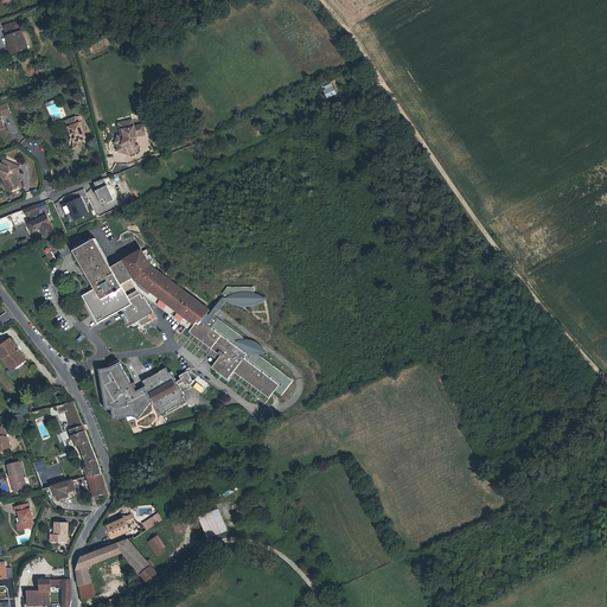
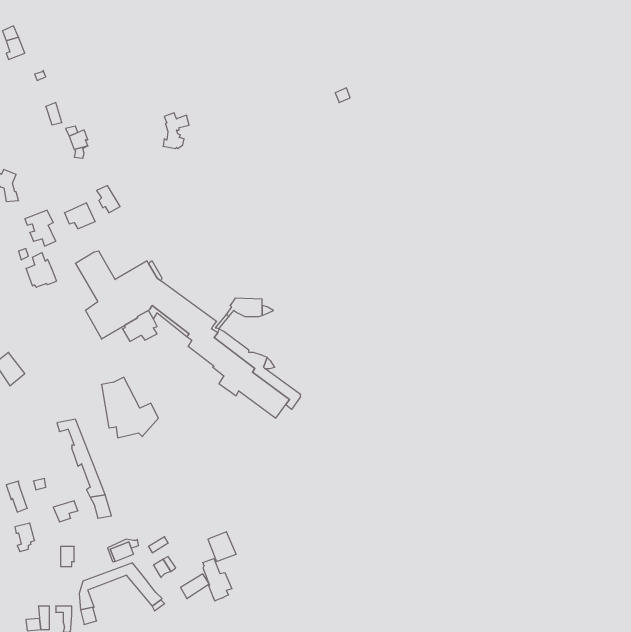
building: [120,121,145,155] -> [163,113,189,149]
building: none -> [26,252,56,287]
building: [141,368,204,414] -> none
building: none -> [203,559,232,601]

